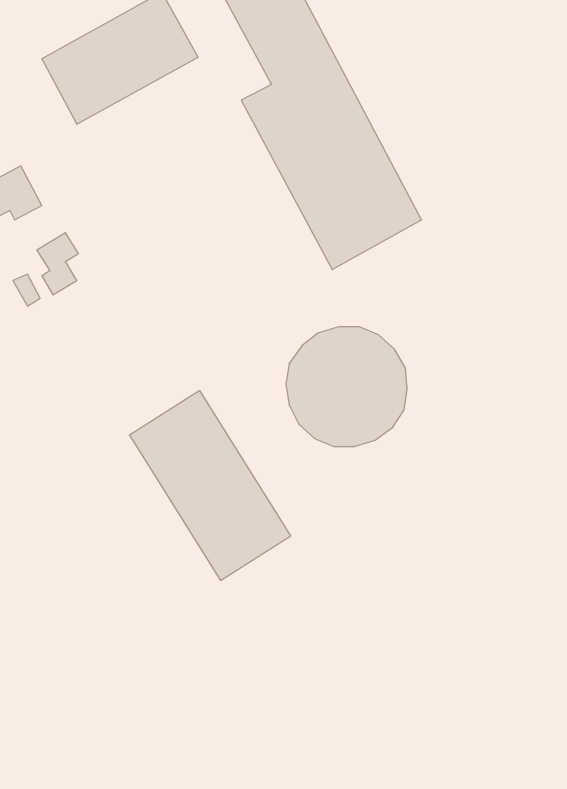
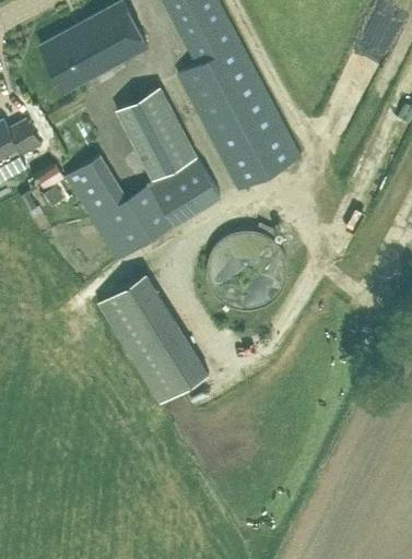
building: none -> [66,87,221,260]

